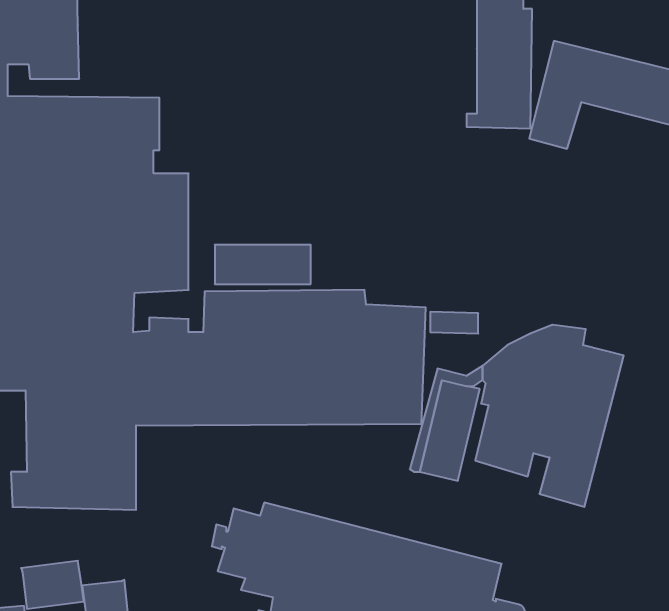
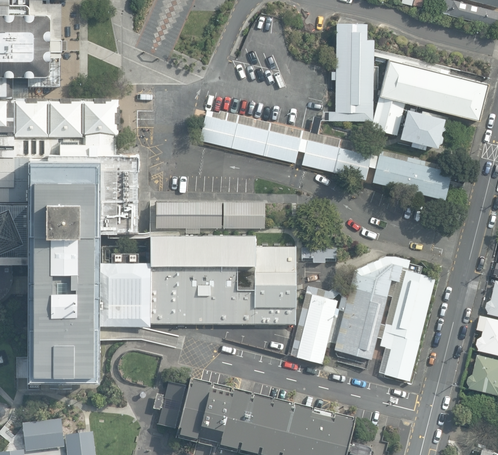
building: none -> [399,109,447,149]
building: none -> [199,110,452,199]
building: none -> [222,201,264,228]

